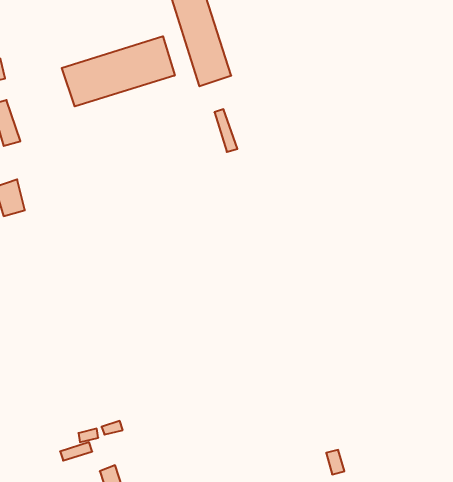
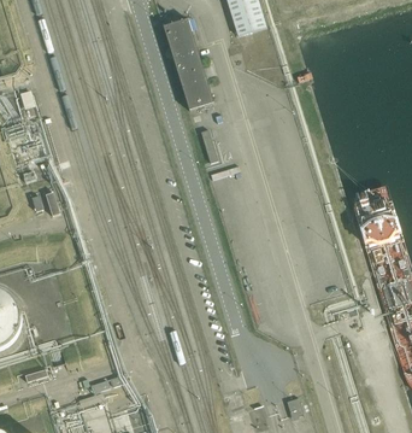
building: [62,36,175,106] -> none

